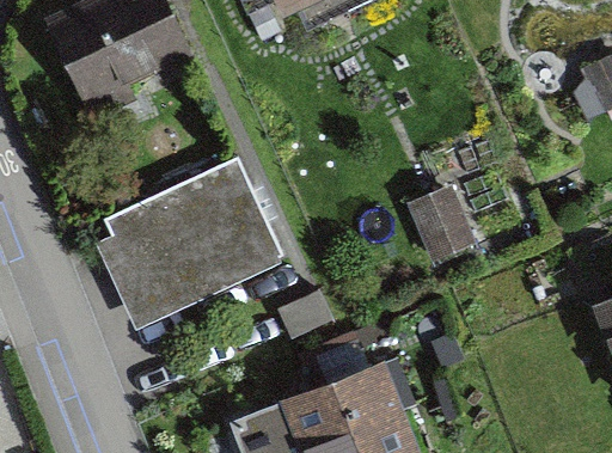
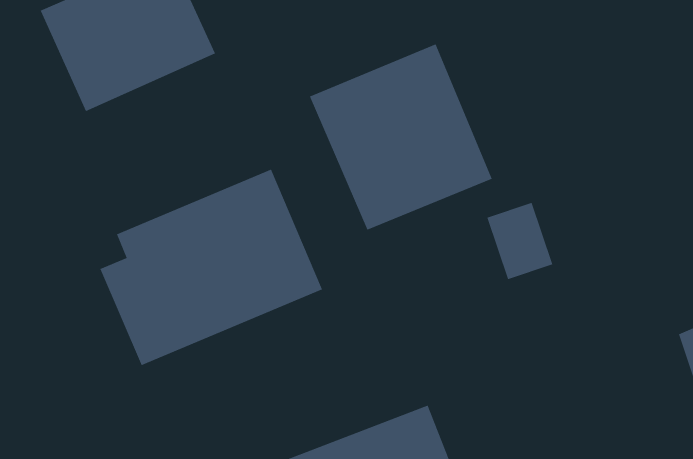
building: none -> [309,44,493,231]

